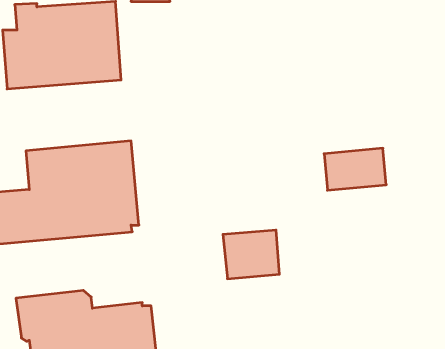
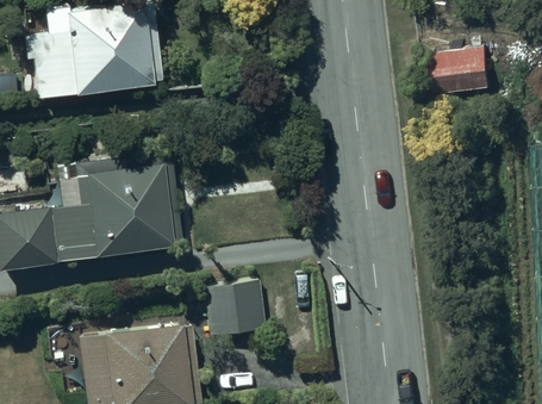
building: [324,148,386,190] -> [425,52,492,98]
building: [223,230,279,279] -> [206,286,267,338]

